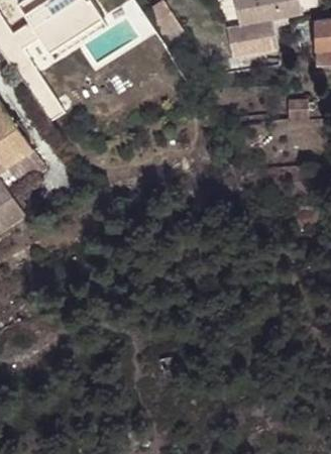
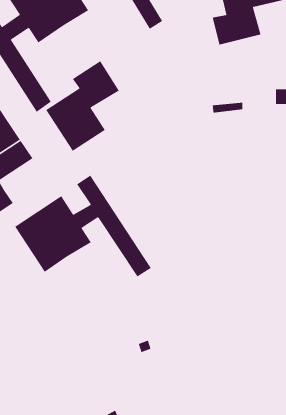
building: none -> [45,60,120,152]
building: none -> [14,175,152,277]

